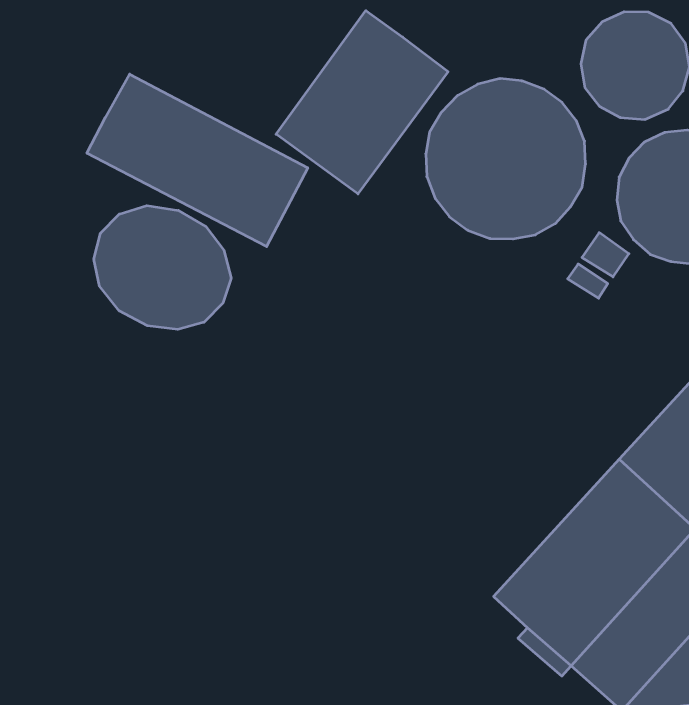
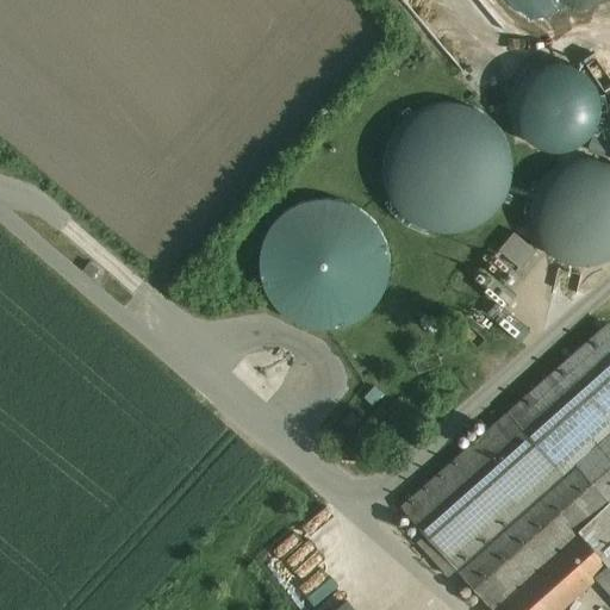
building: [276,11,448,194] -> none
building: [87,74,308,247] -> none
building: [94,206,231,329] -> none
building: none -> [263,200,388,326]

